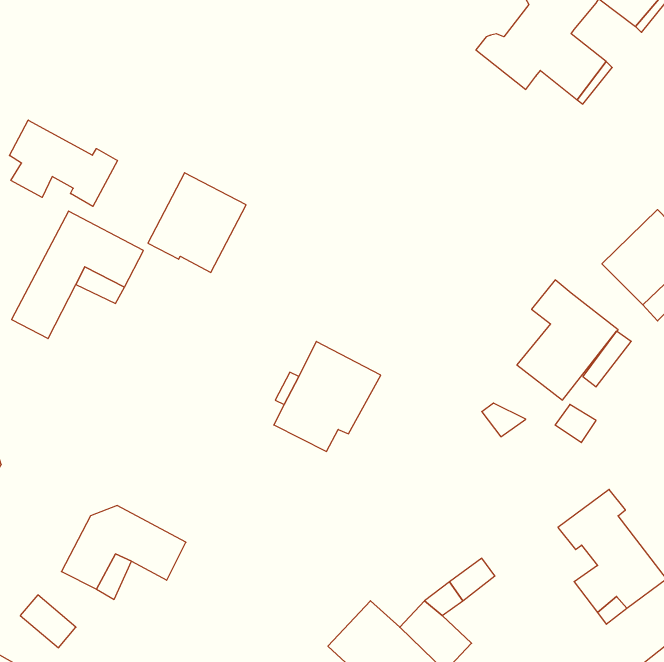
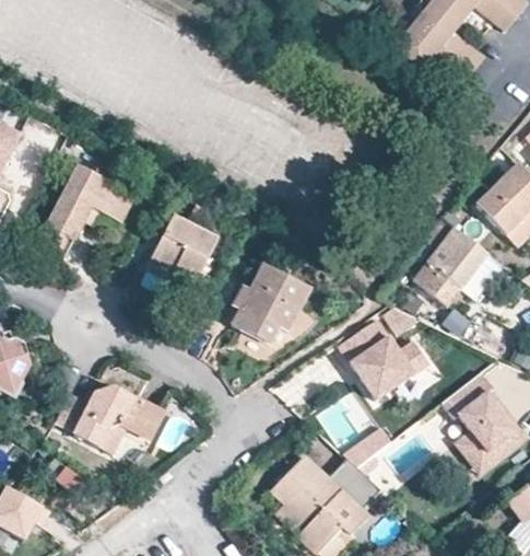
building: [9,120,117,206] -> none
building: [148,173,246,272] -> [144,215,217,289]
building: none -> [340,320,431,401]

